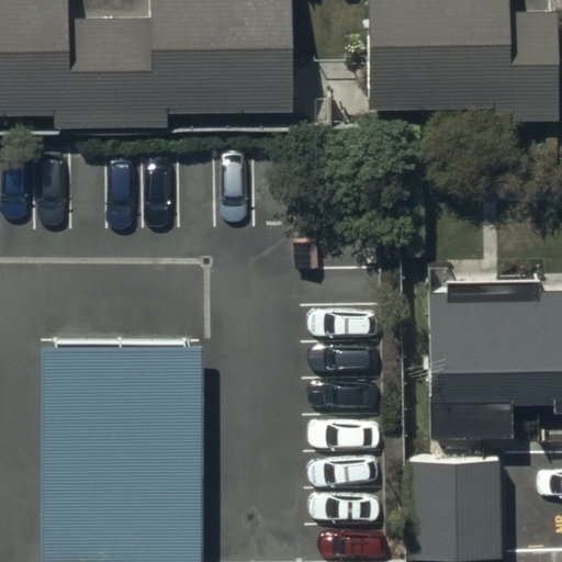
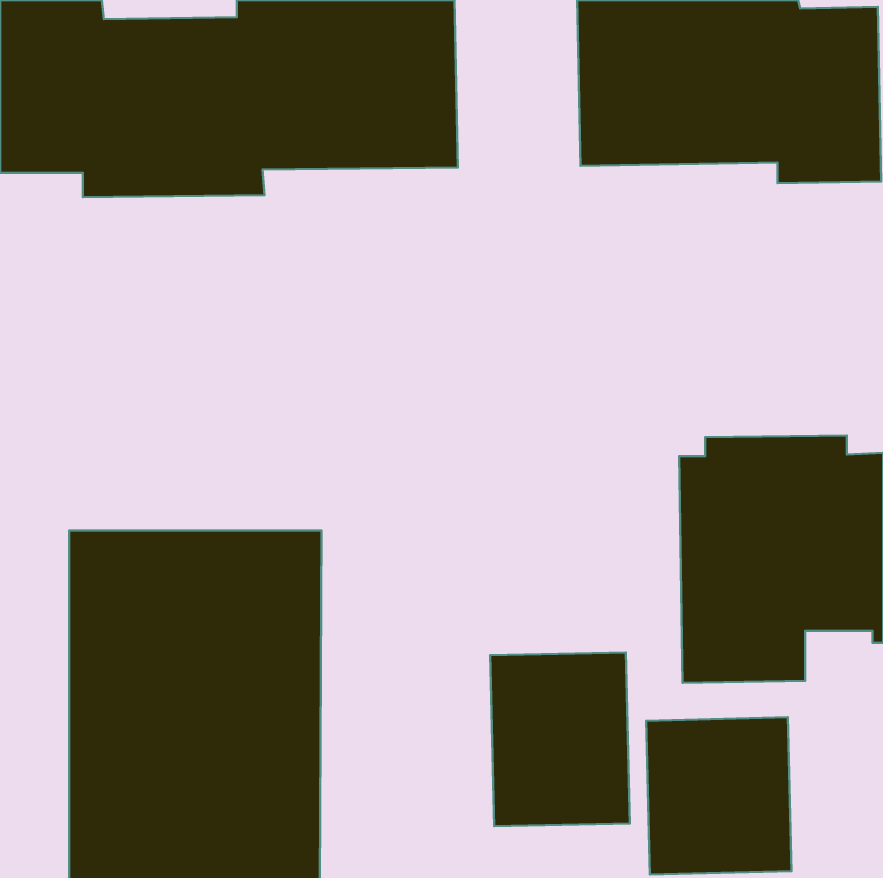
building: none -> [490,652,630,826]

